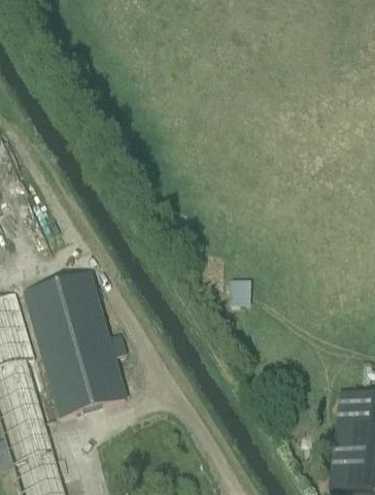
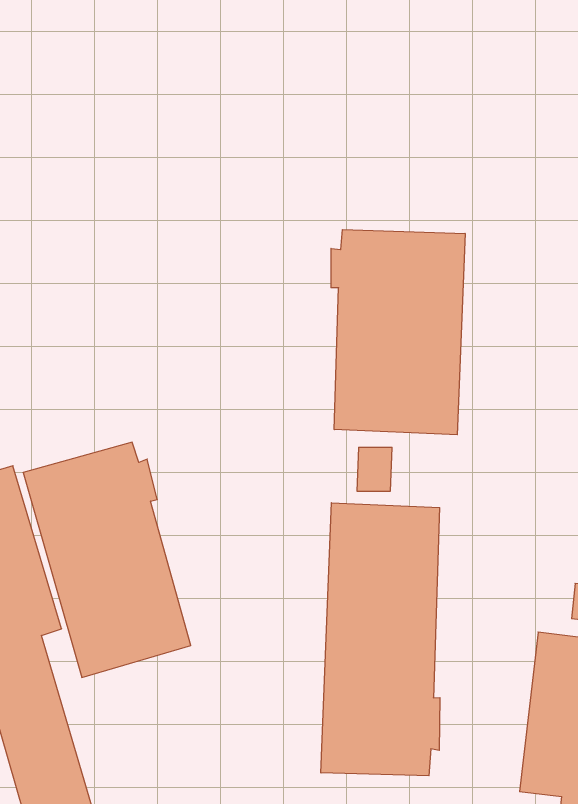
building: none -> [331,230,465,435]
building: none -> [321,503,440,776]

